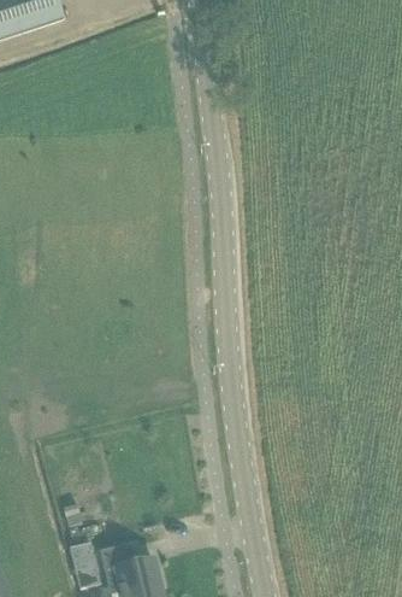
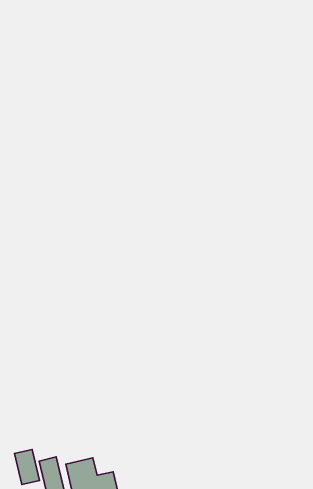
building: none -> [14,449,39,484]

